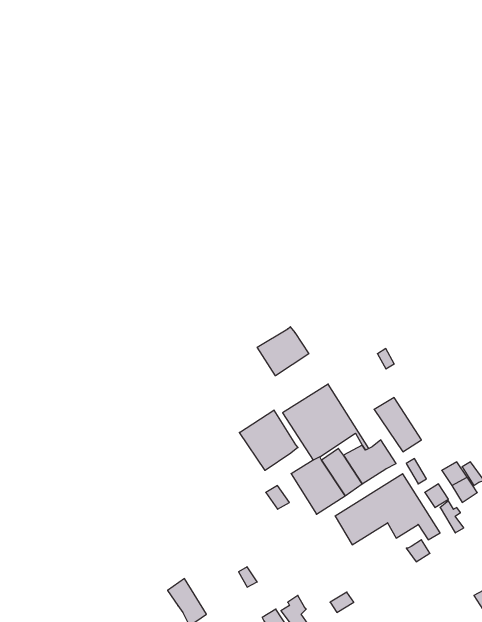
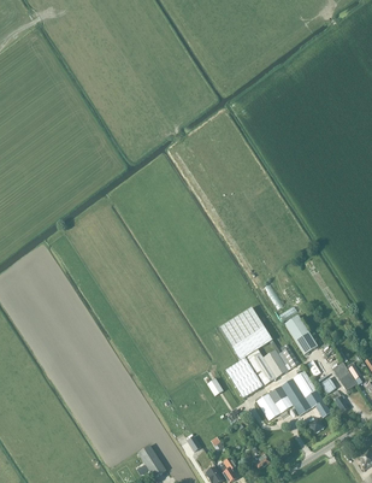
building: [257,327,309,376] -> none
building: [239,410,298,470] -> none

